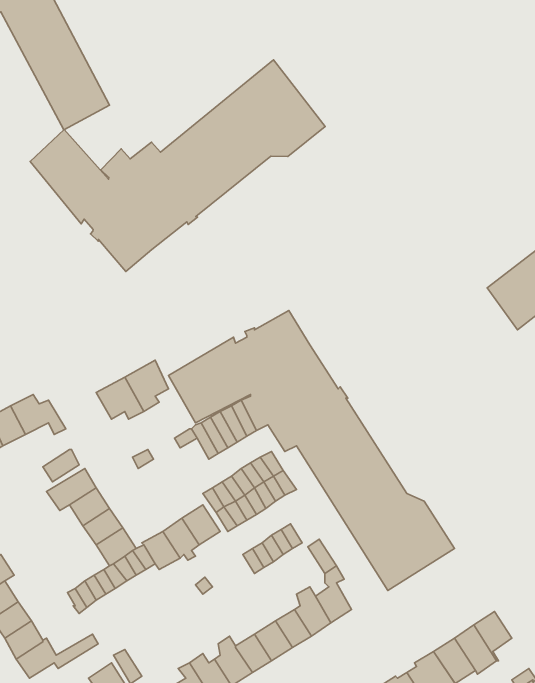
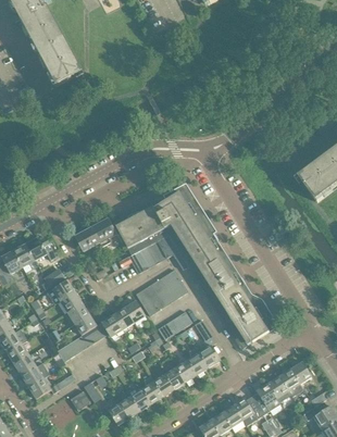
building: [30,60,325,272] -> none

